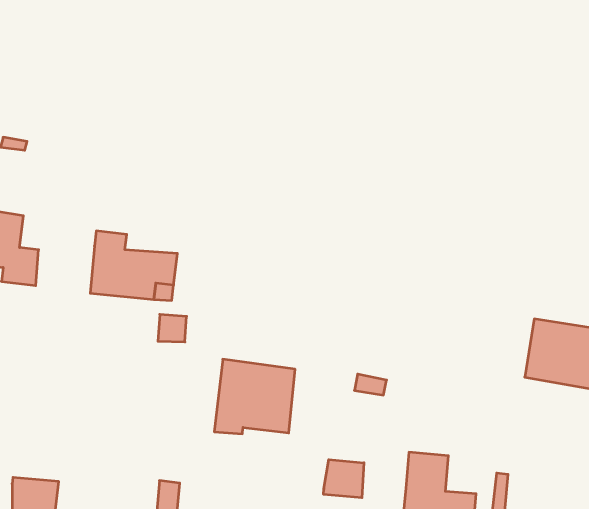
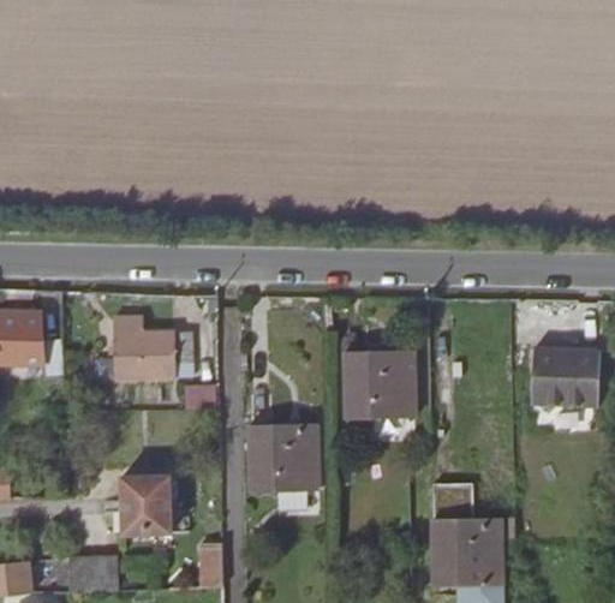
building: none -> [346,350,416,417]
building: none -> [123,473,171,533]
building: [324,460,364,498] -> none

